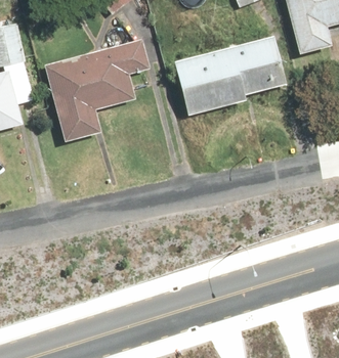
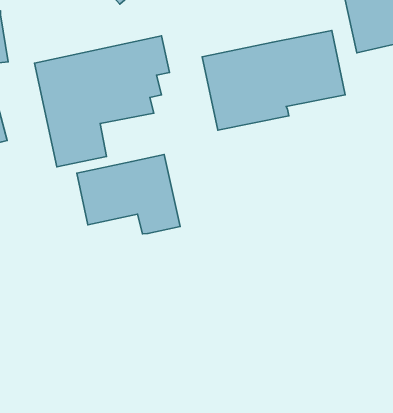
building: none -> [77,155,180,234]

